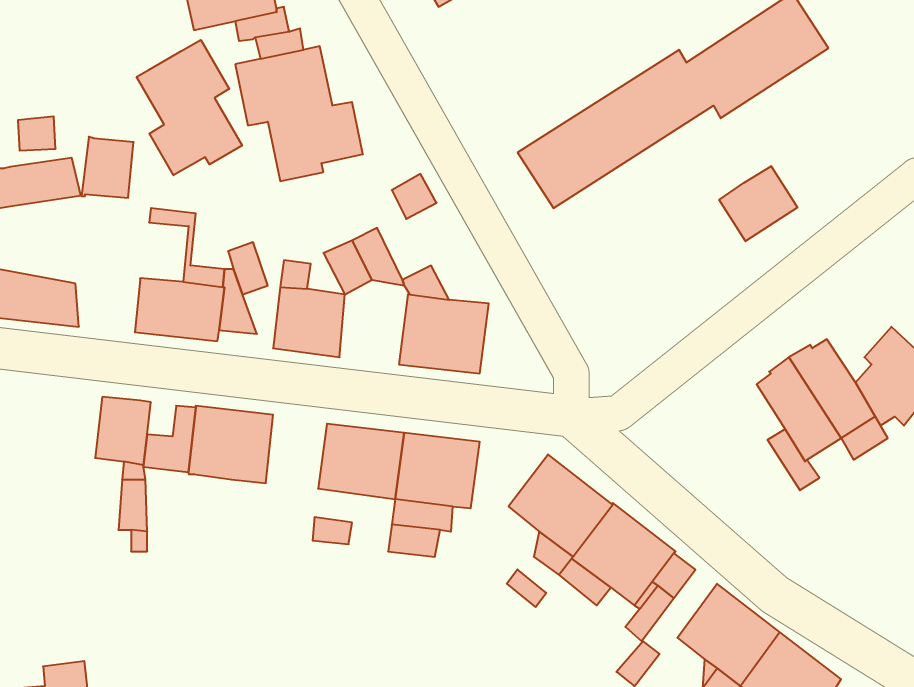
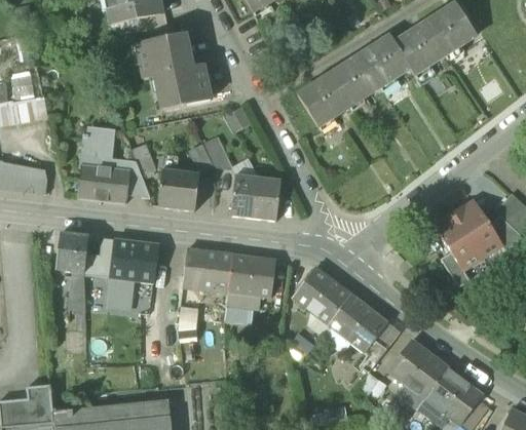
building: [137,40,242,175] -> none
building: [82,137,134,198] -> [80,132,110,167]
building: [719,166,797,241] -> none
building: none -> [108,277,135,307]

